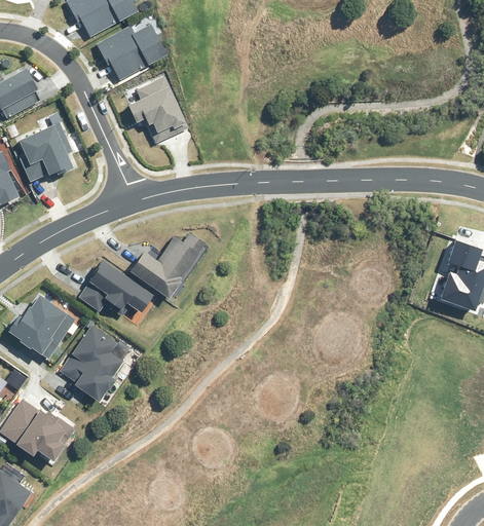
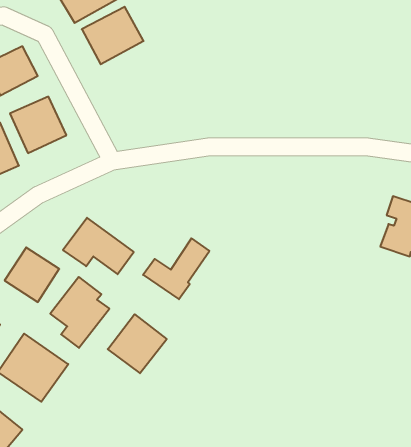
building: [123,81,183,141] -> none
building: [131,227,207,297] -> [143,238,209,299]
building: none -> [108,314,167,373]

